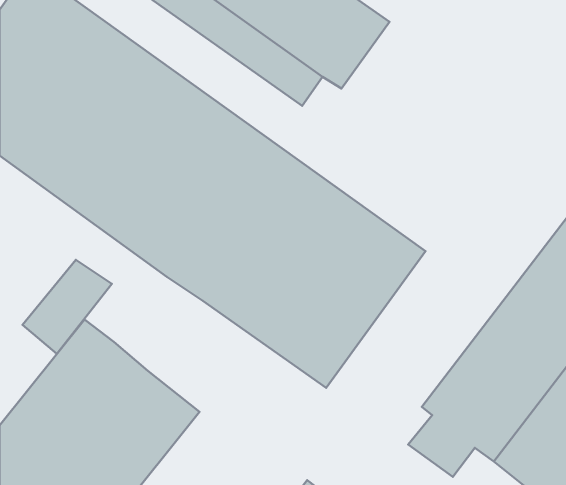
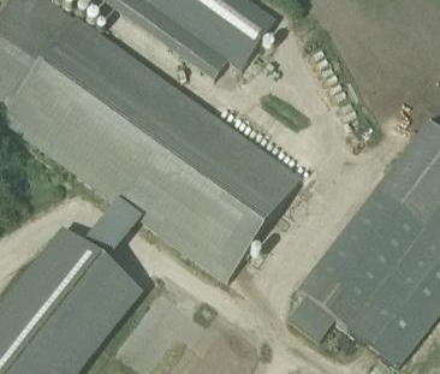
building: [23,260,112,354] -> [81,197,143,263]

